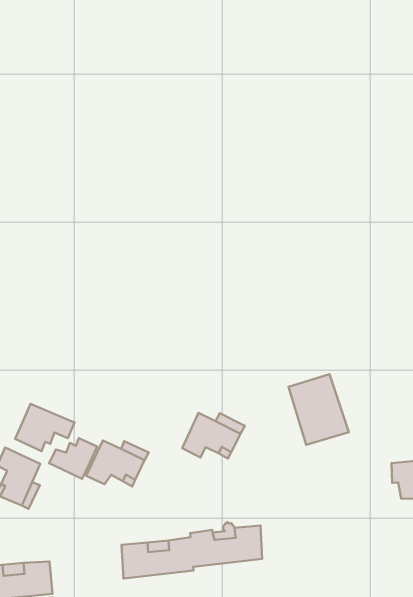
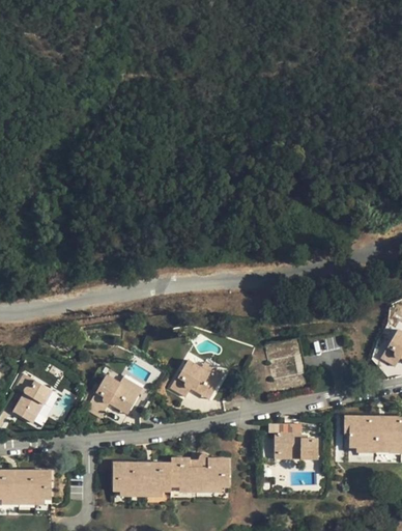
building: [15,404,74,451] -> none
building: [49,438,97,479] -> none
building: none -> [269,424,318,459]

